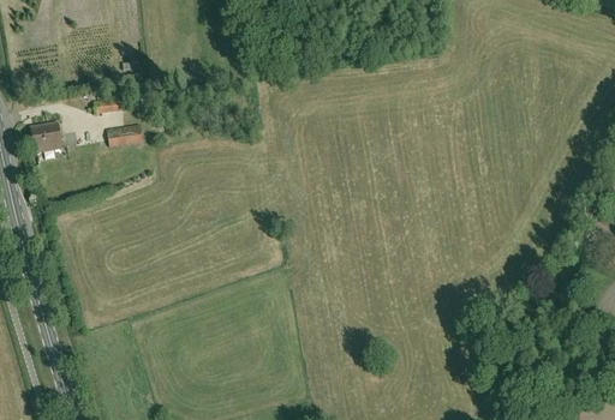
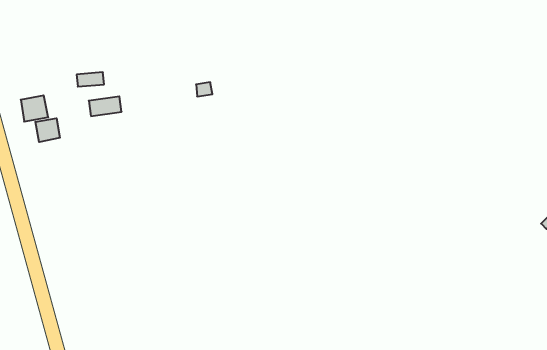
building: none -> [35,118,60,142]

